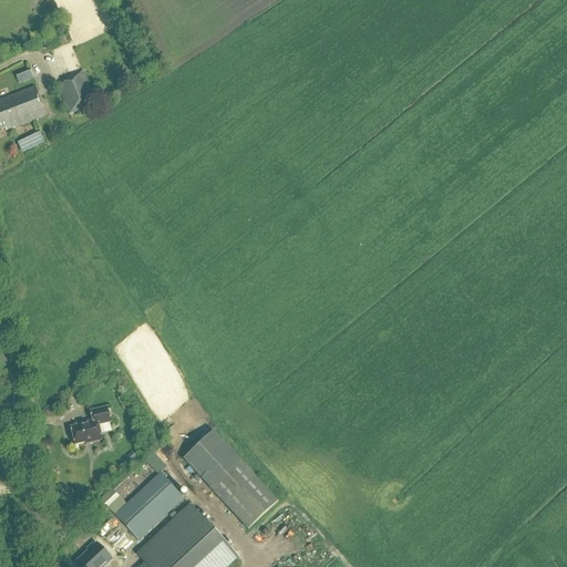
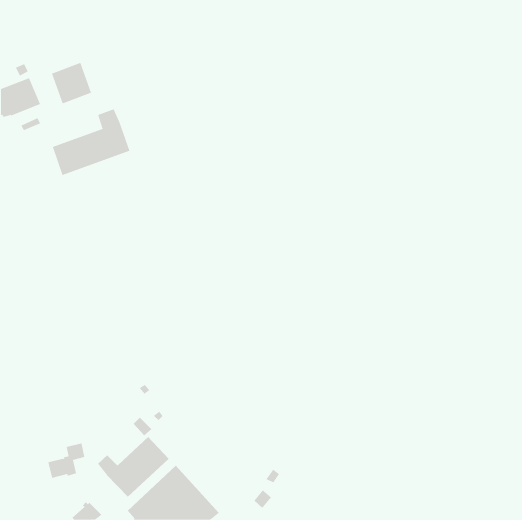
building: none -> [52,108,130,176]
building: [70,405,111,444] -> [47,443,85,479]
building: [184,431,277,528] -> none

